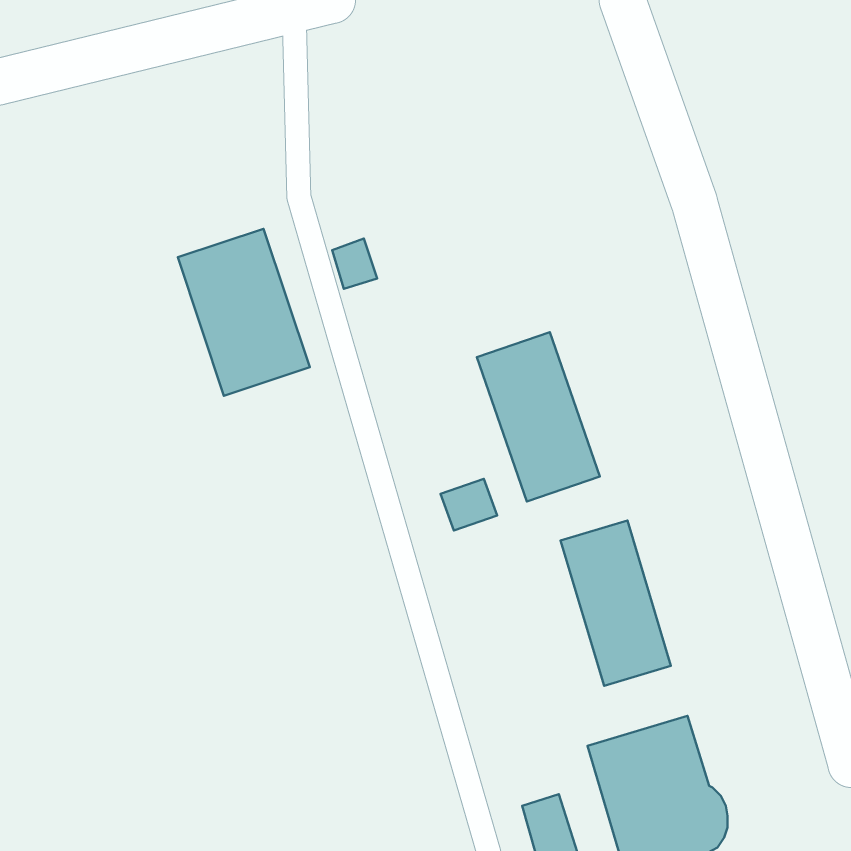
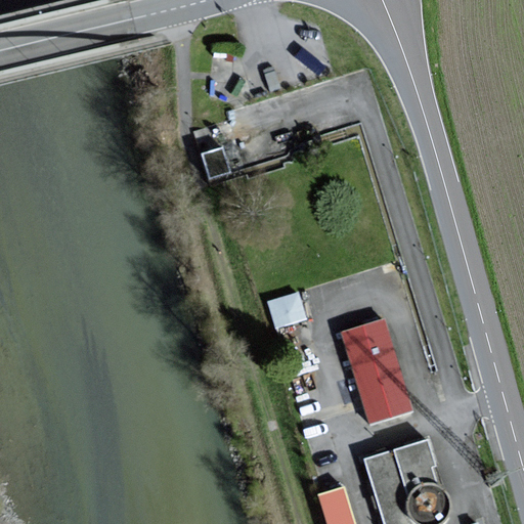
building: [178,229,310,396] -> none
building: [477,332,600,502] -> none

